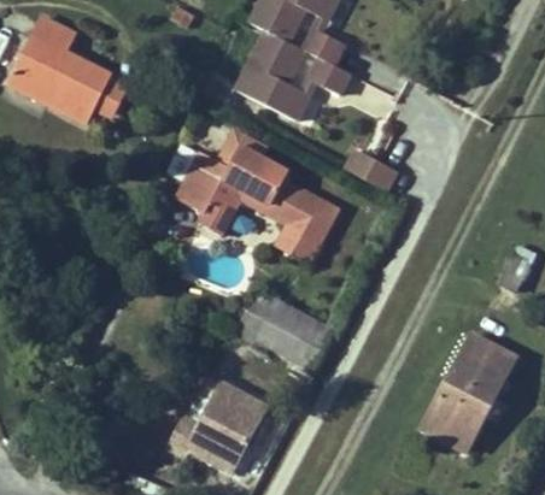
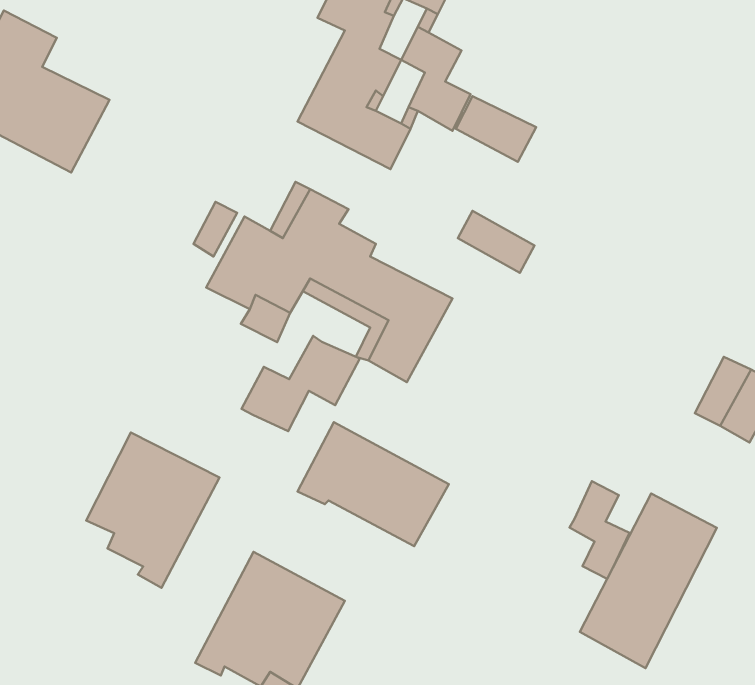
building: none -> [241,336,360,431]
building: none -> [86,433,219,588]
building: none -> [569,481,629,579]

